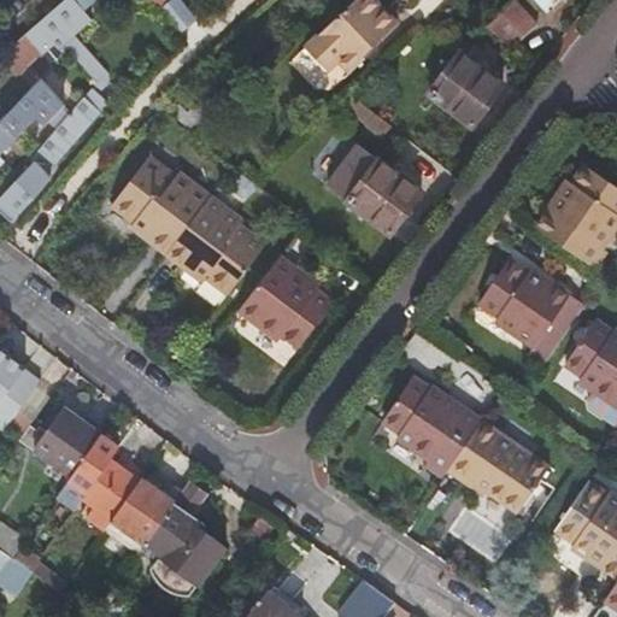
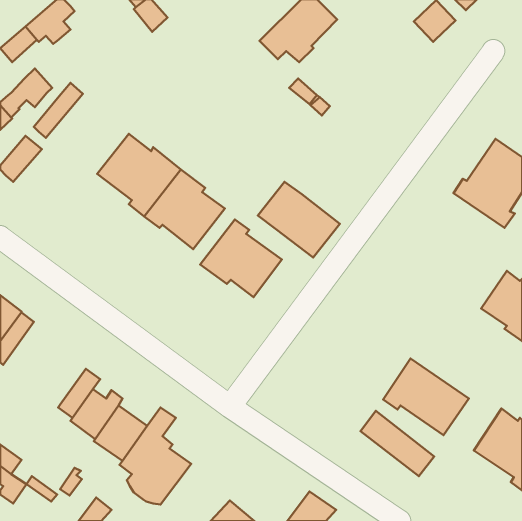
building: [429,52,503,125] -> none
building: [325,143,422,233] -> [258,182,340,257]
building: [481,260,586,365] -> none
building: [384,377,484,478] -> none
building: [19,409,101,477] -> none

